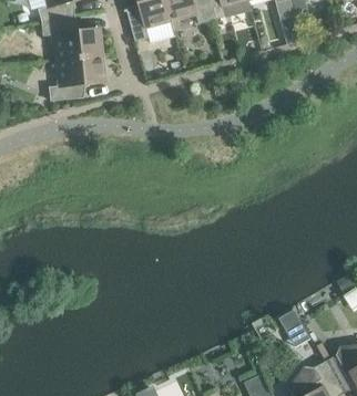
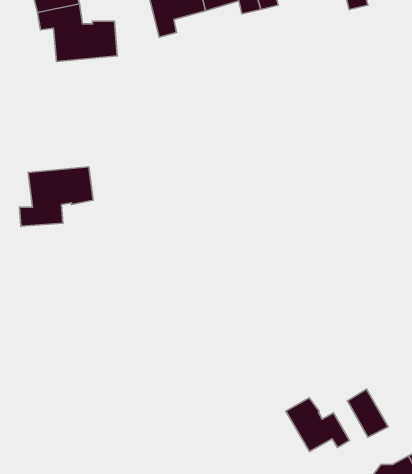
building: [50,55,106,101] -> [19,167,93,226]
building: none -> [286,398,350,451]

